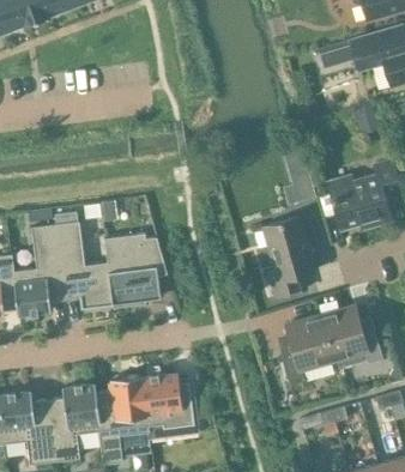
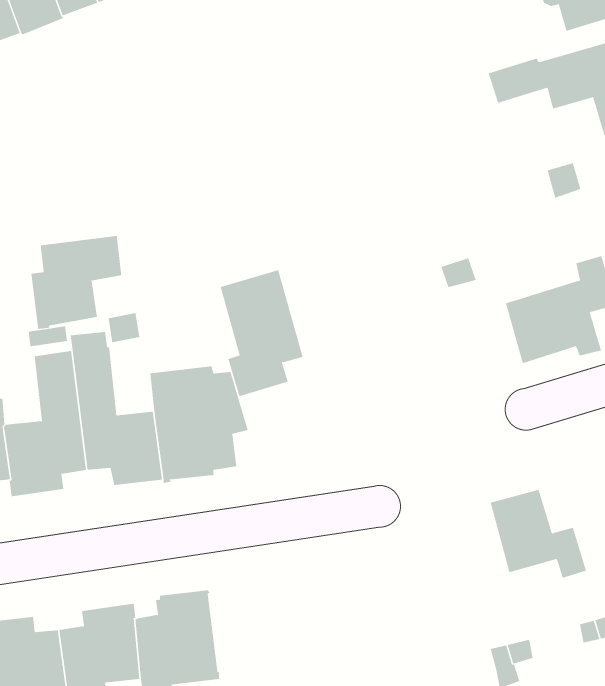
building: none -> [31,235,122,330]
building: [260,220,313,301] -> [220,270,304,397]
building: [279,320,331,389] -> none
building: [141,373,193,428] -> none

